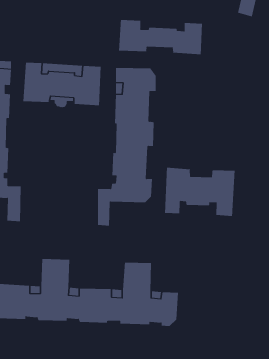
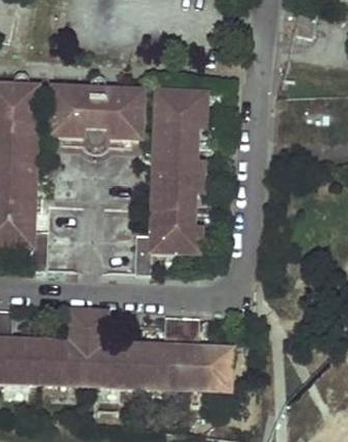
building: [119,19,202,55] -> none
building: [165,167,235,217] -> none

